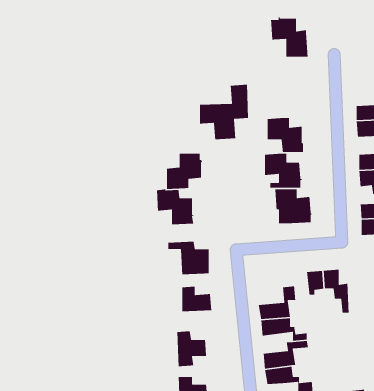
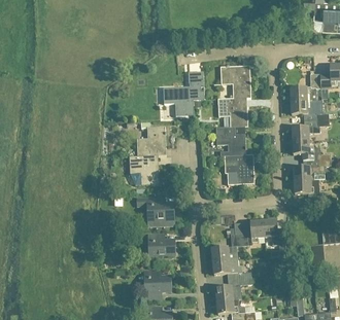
building: [263,17,308,57] -> [214,64,251,97]

